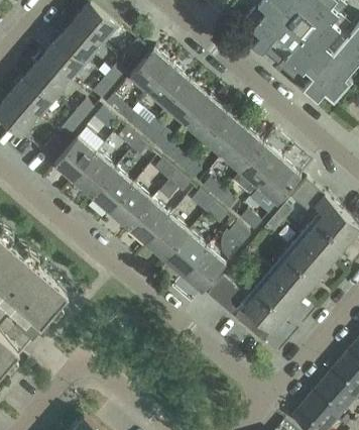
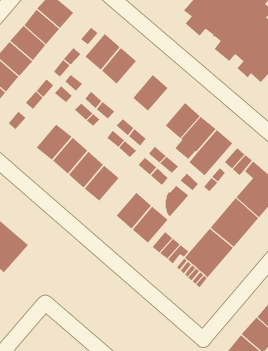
building: [166,82,208,124] -> none
building: [203,113,245,156] -> none
building: [54,129,104,182] -> none
building: [146,217,189,260] -> none

